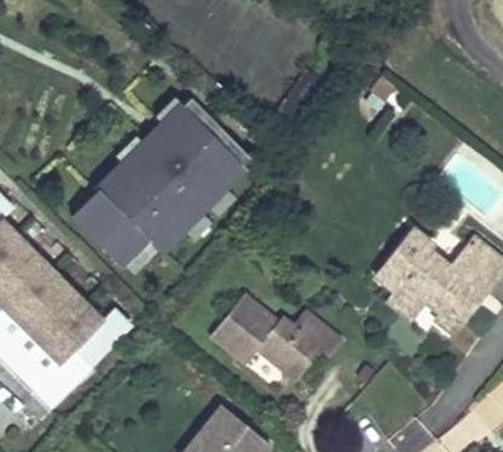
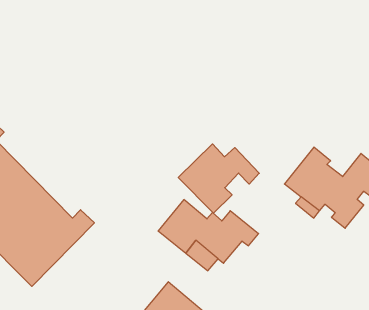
building: [71,95,253,272] -> none
building: none -> [178,144,259,213]

